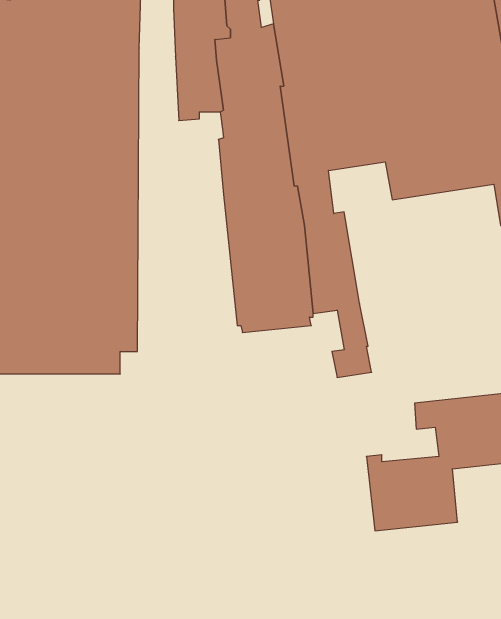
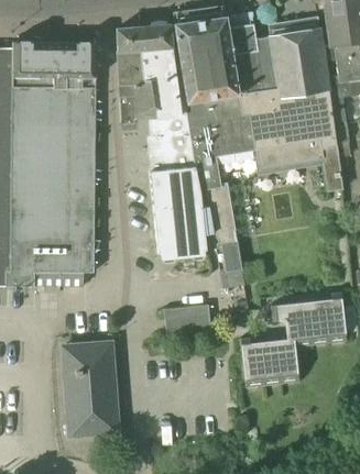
building: none -> [163,304,210,340]
building: none -> [62,341,118,436]

